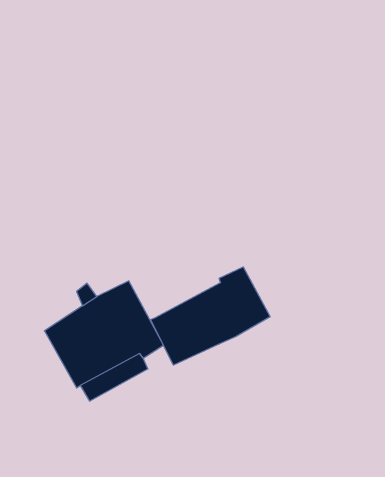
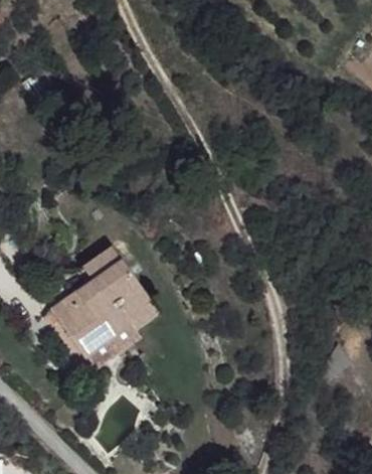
building: [151,267,270,365] -> none

